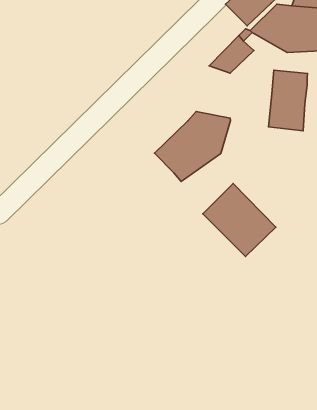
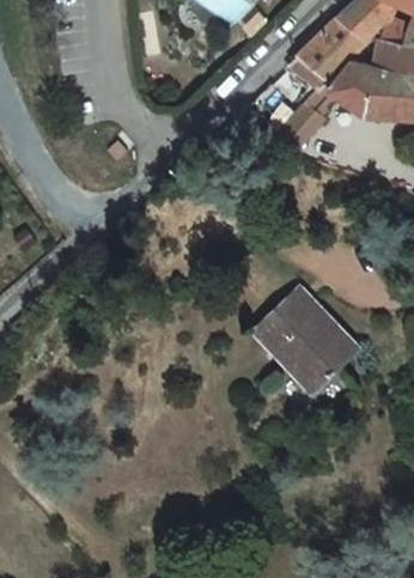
building: [269,70,308,131] -> none
building: [155,112,230,182] -> none

